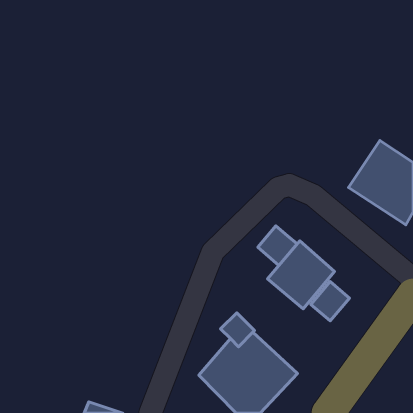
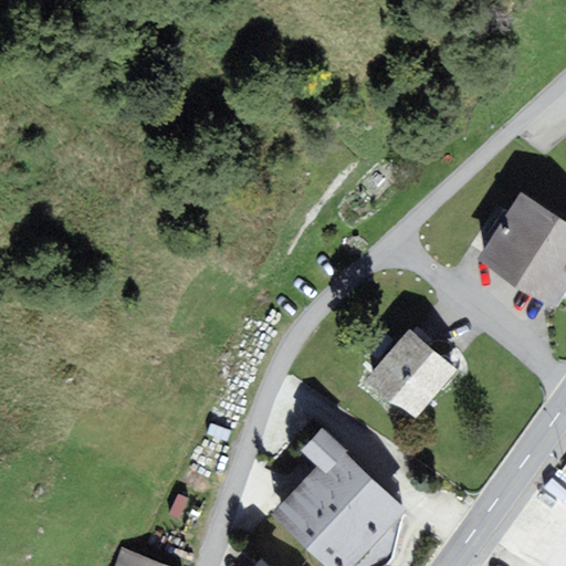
building: [258,226,297,265] -> none
building: [311,282,350,321] -> none

